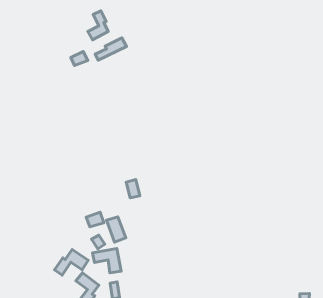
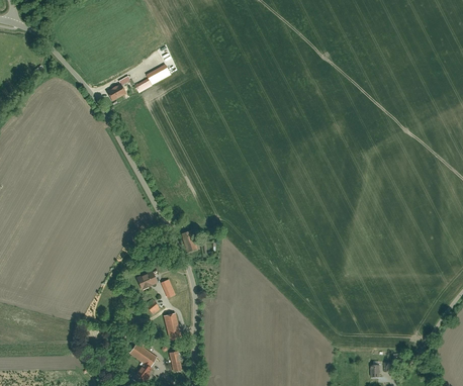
building: [88,11,108,40] -> none
building: [54,249,88,275] -> none

